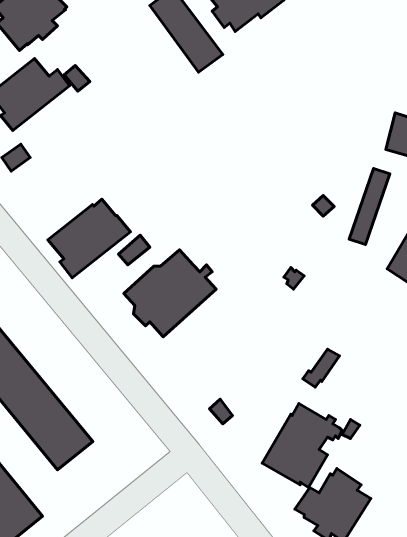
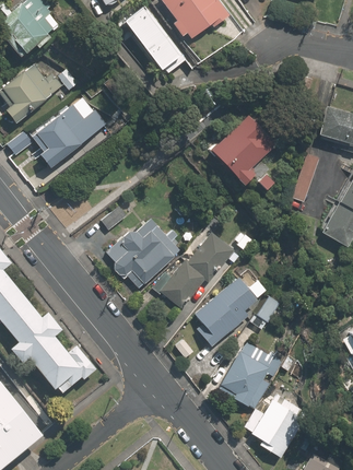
building: none -> [212,114,279,185]
building: [48,199,130,278] -> [33,103,99,166]
building: none -> [153,231,236,308]
building: none -> [196,275,259,345]

